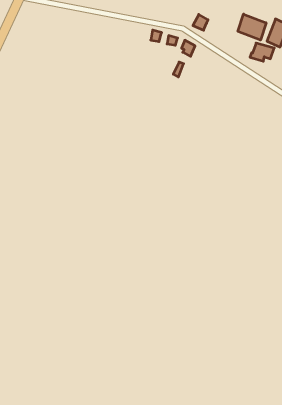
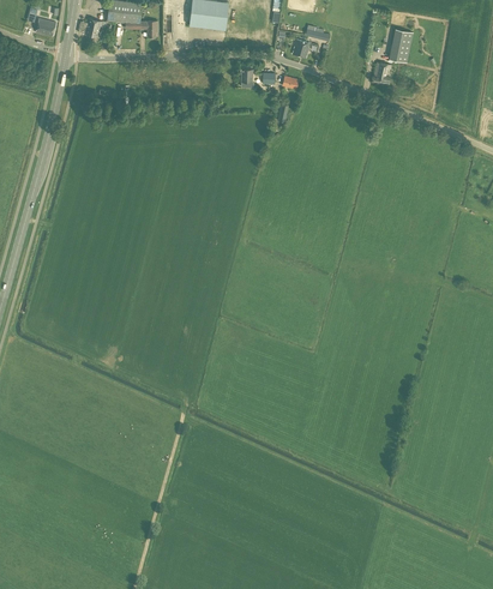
building: [238,14,266,40] -> none

